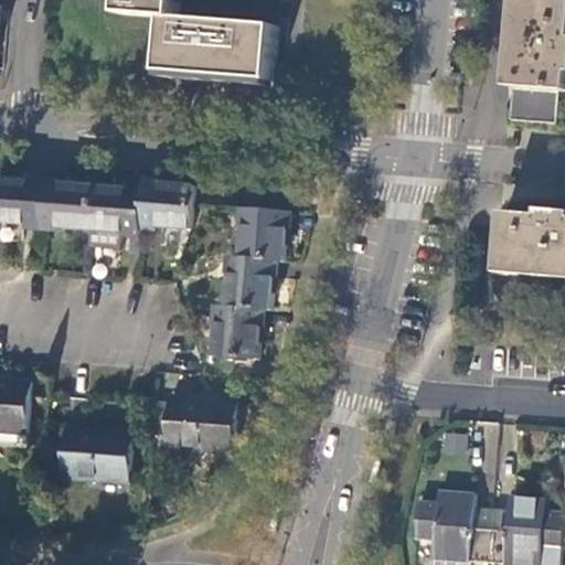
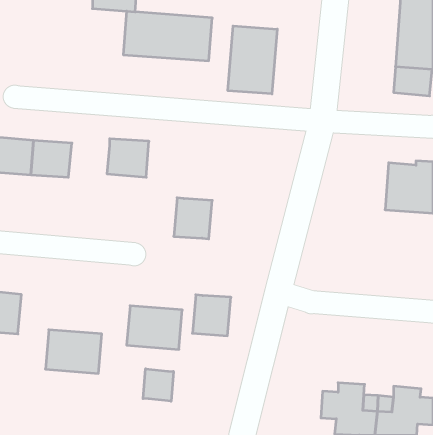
building: none -> [228,26,277,94]
building: [87,184,141,247] -> none
building: [237,206,287,259] -> none
building: [211,303,260,356] -> [192,295,231,336]
building: none -> [143,369,173,401]

